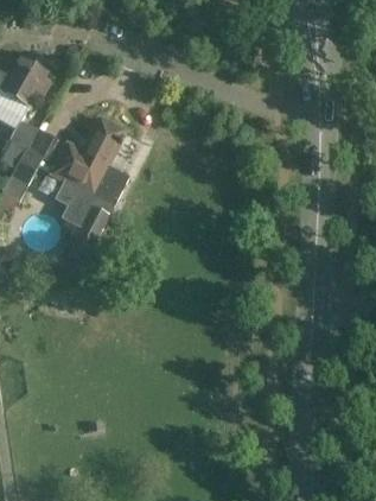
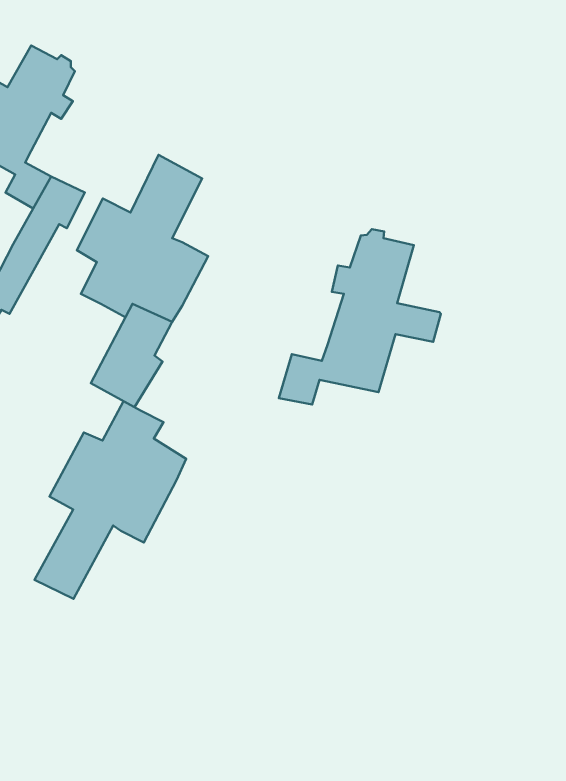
building: none -> [279,229,441,405]
building: none -> [34,401,186,599]

